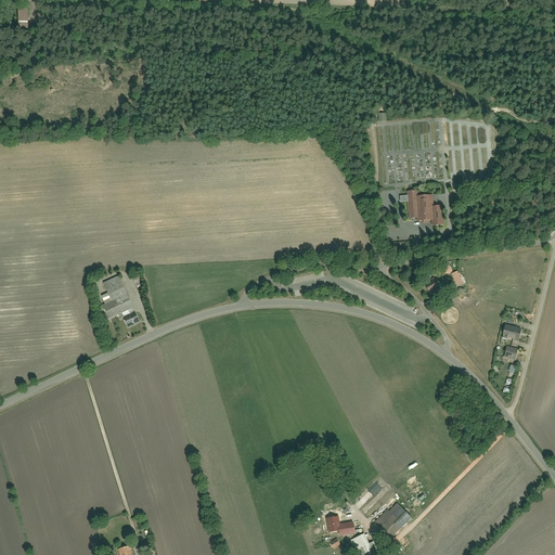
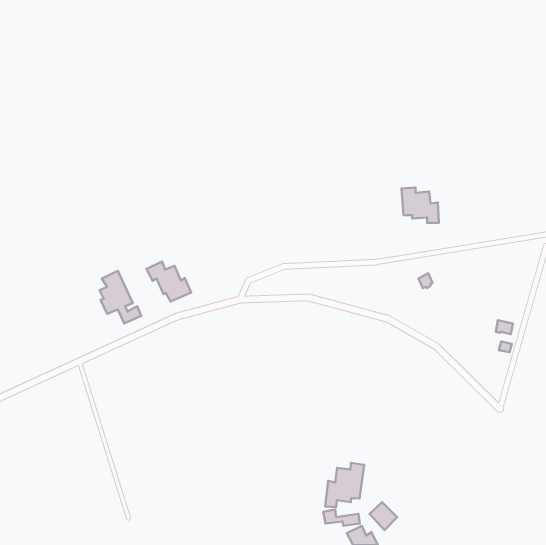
building: none -> [146,262,191,302]
building: none -> [325,463,364,507]

